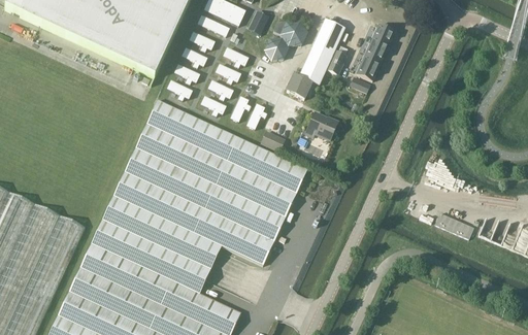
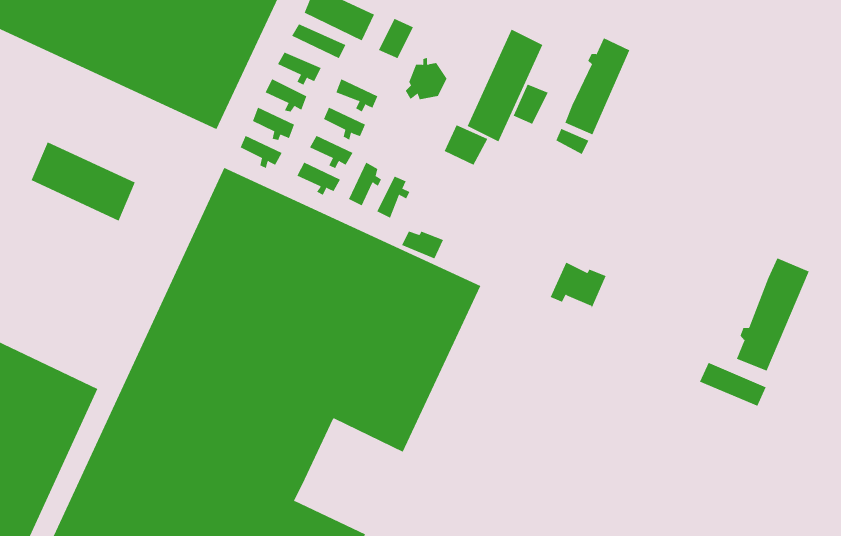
building: [280,22,306,45] -> none
building: none -> [31,142,136,221]
building: [305,111,338,138] -> [550,262,607,308]
building: none -> [736,257,809,371]

